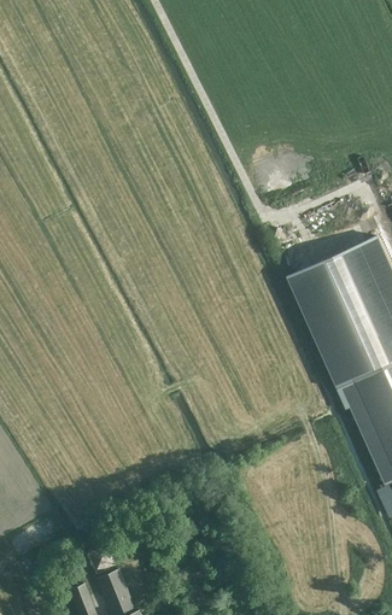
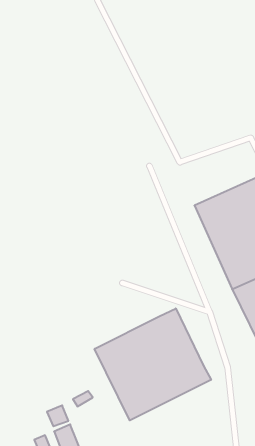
building: none -> [95,308,211,420]

